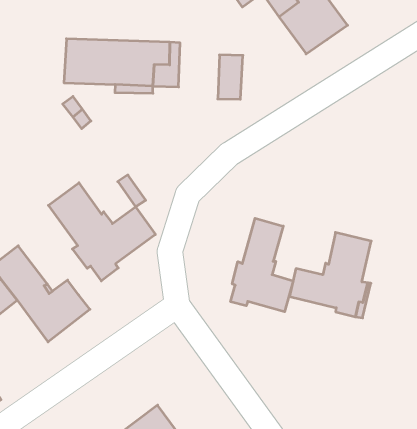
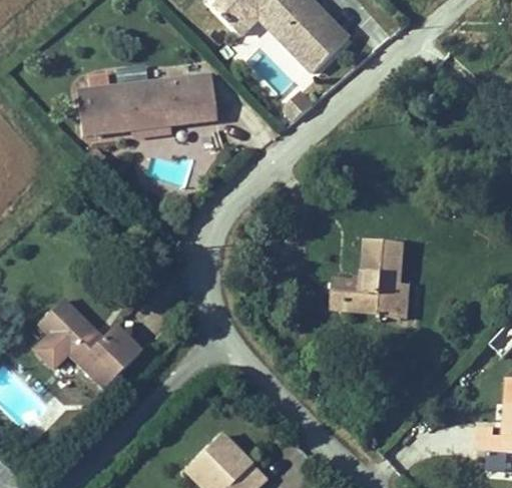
building: [218,55,243,99] -> [188,74,215,120]
building: [48,183,155,281] -> none
building: [231,218,293,312] -> none

